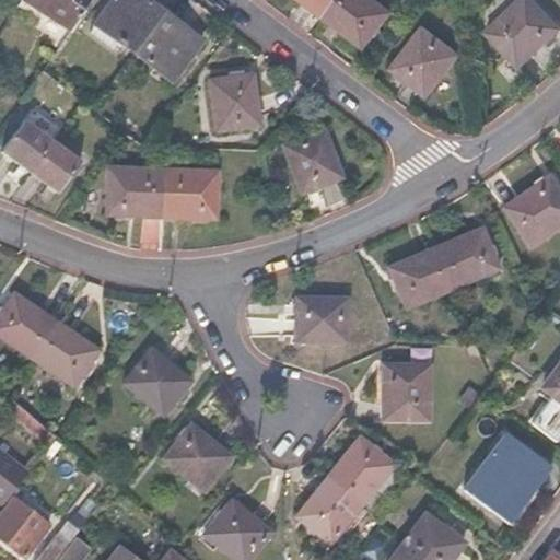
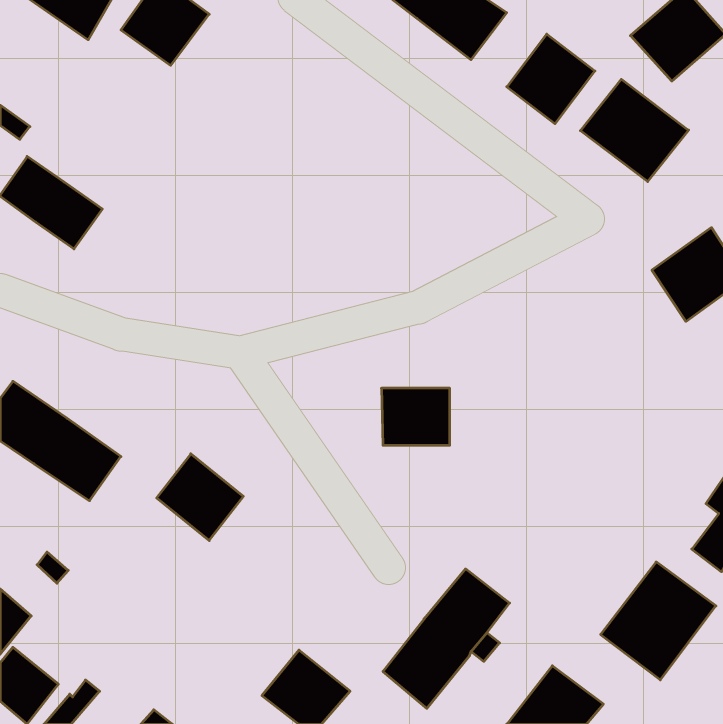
building: [135,11,203,80] -> none
building: none -> [580,79,689,182]
building: [210,73,260,131] -> none
building: [282,130,343,194] -> none
building: [107,166,218,219] -> none
building: [389,228,499,308] -> none
building: [383,364,428,420] -> none
building: [163,423,232,493] -> none

